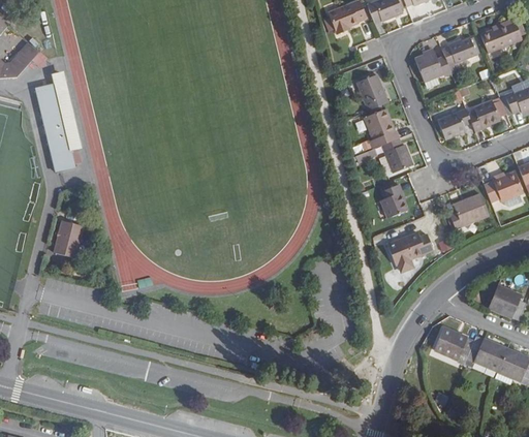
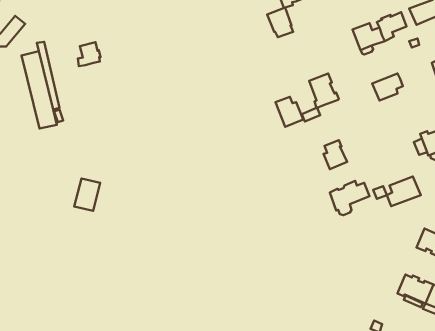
building: none -> [78,42,101,66]
building: [356,75,386,110] -> [267,7,293,37]
building: [469,101,500,132] -> none
building: [381,138,413,173] -> [275,97,303,127]
building: [450,194,490,228] -> [387,176,421,206]
building: [54,220,84,257] -> [74,178,100,211]
building: [435,329,473,358] -> none

